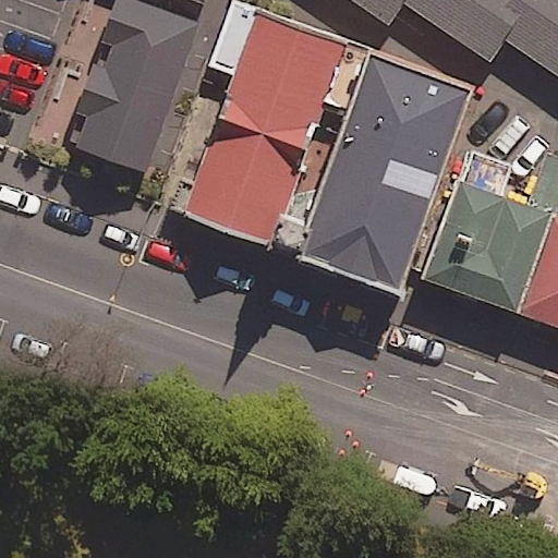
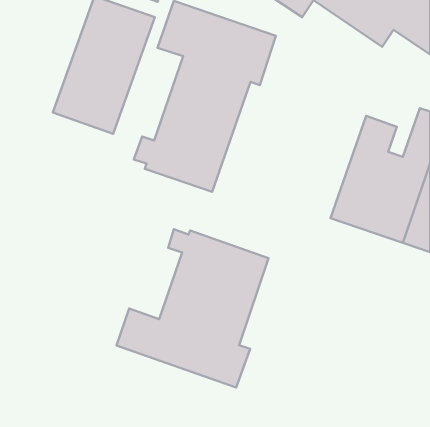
building: [296,60,472,299] -> none
building: none -> [117,229,269,387]

